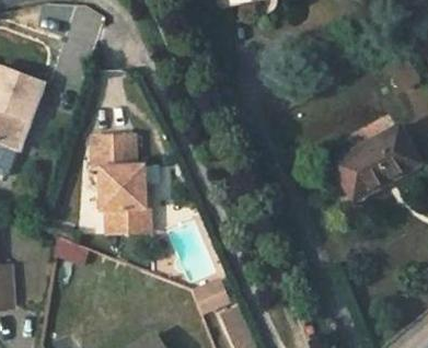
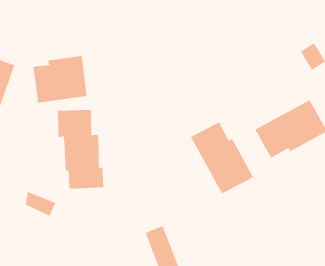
building: none -> [33,55,87,104]
building: none -> [190,122,254,194]

